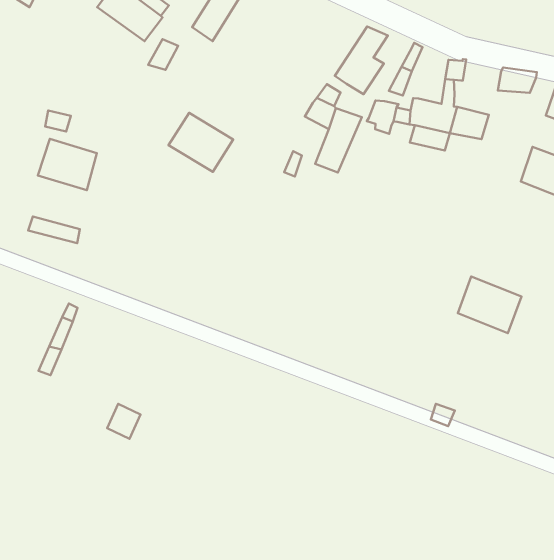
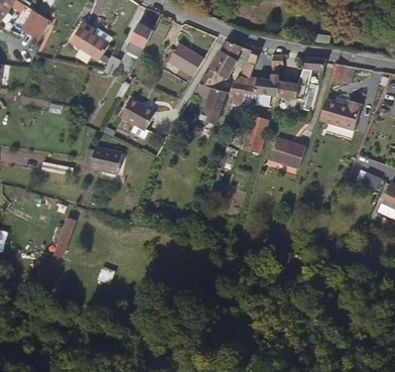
building: none -> [170,44,204,77]
building: [38,139,97,190] -> [89,146,121,173]
building: none -> [244,116,267,152]
building: [458,277,522,333] -> [270,137,305,167]

